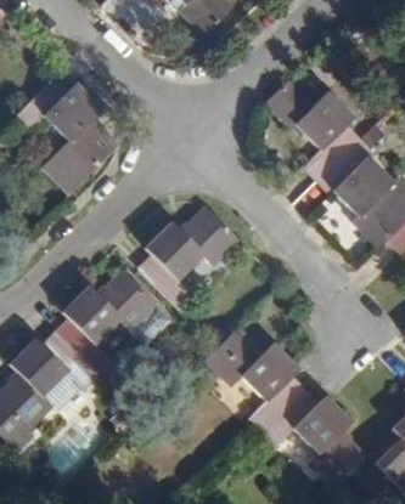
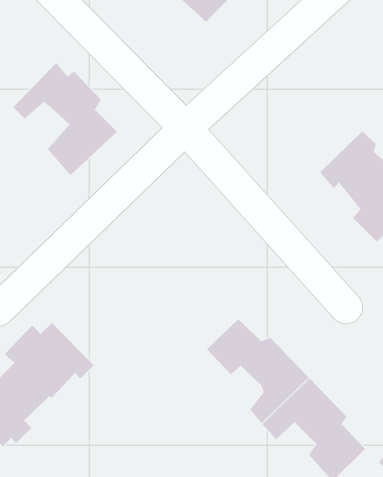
building: [264,80,361,181] -> none
building: [139,200,240,306] -> none
building: [54,267,167,374] -> none

